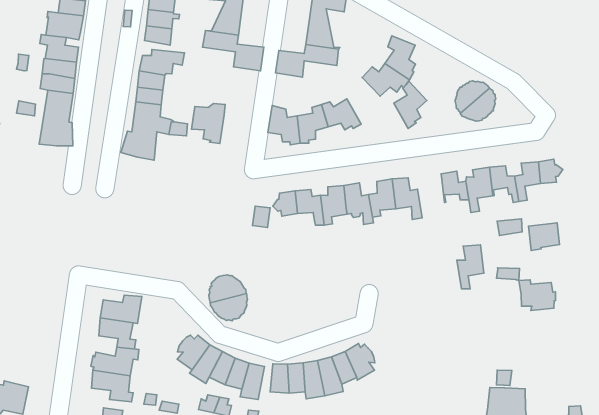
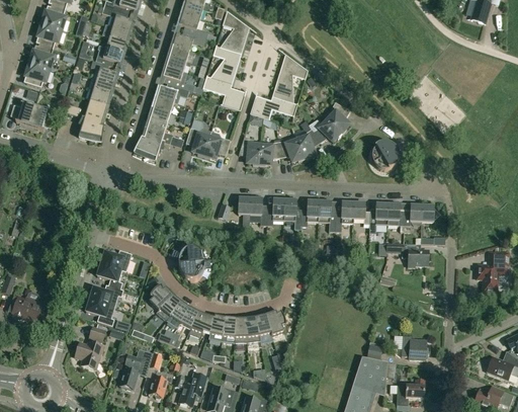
building: [394,82,427,129] -> [296,127,320,159]
building: none -> [203,130,230,158]
building: [457,245,484,289] -> [335,201,353,232]
building: [519,280,556,311] -> [402,335,427,358]

